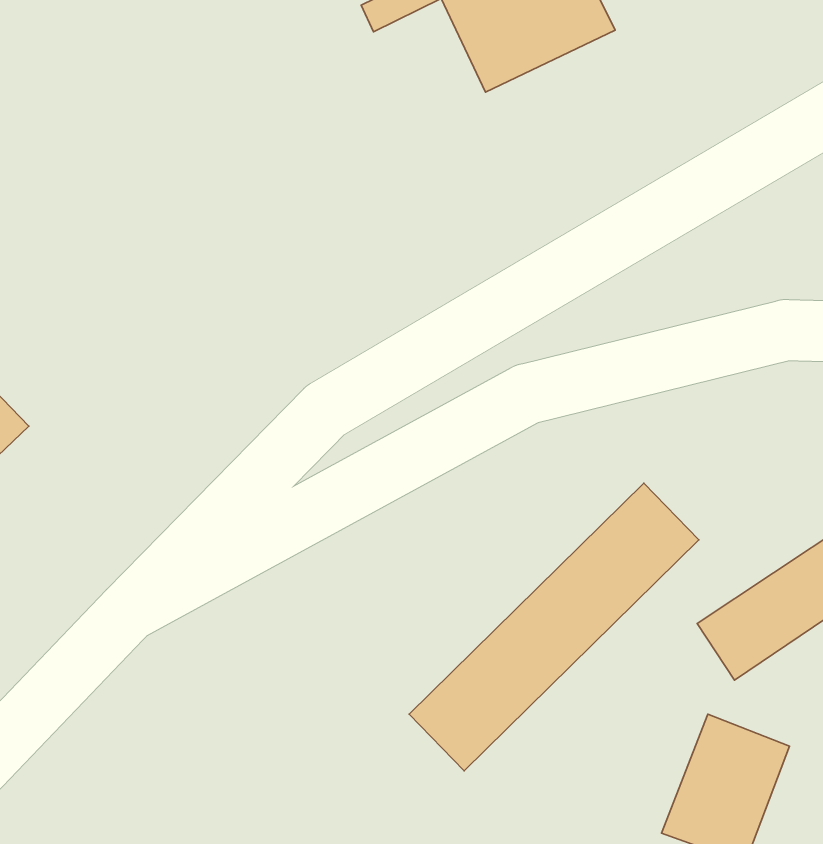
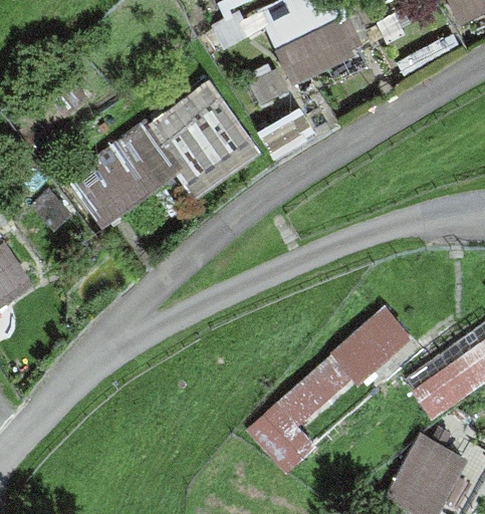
building: none -> [66,89,246,228]

